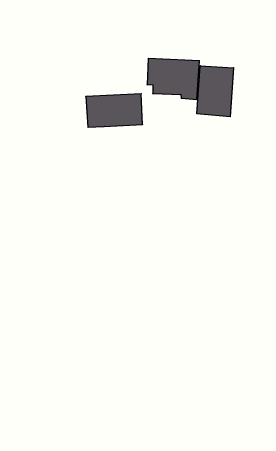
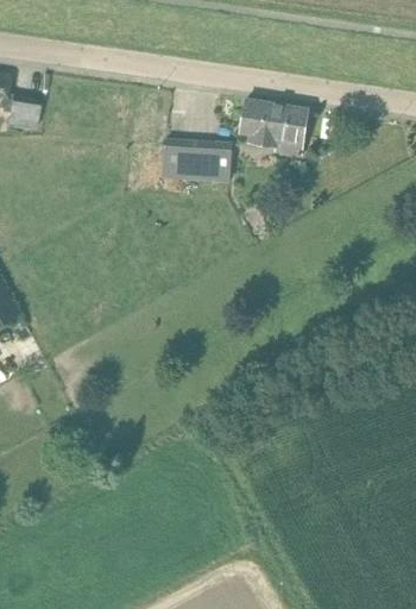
building: [197,66,234,117] -> none

